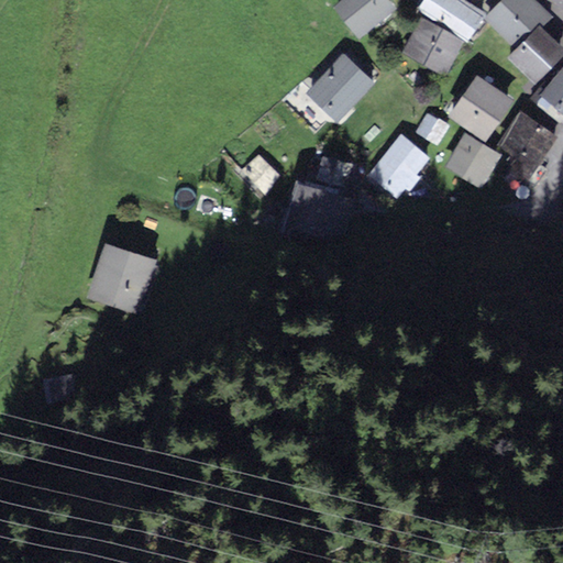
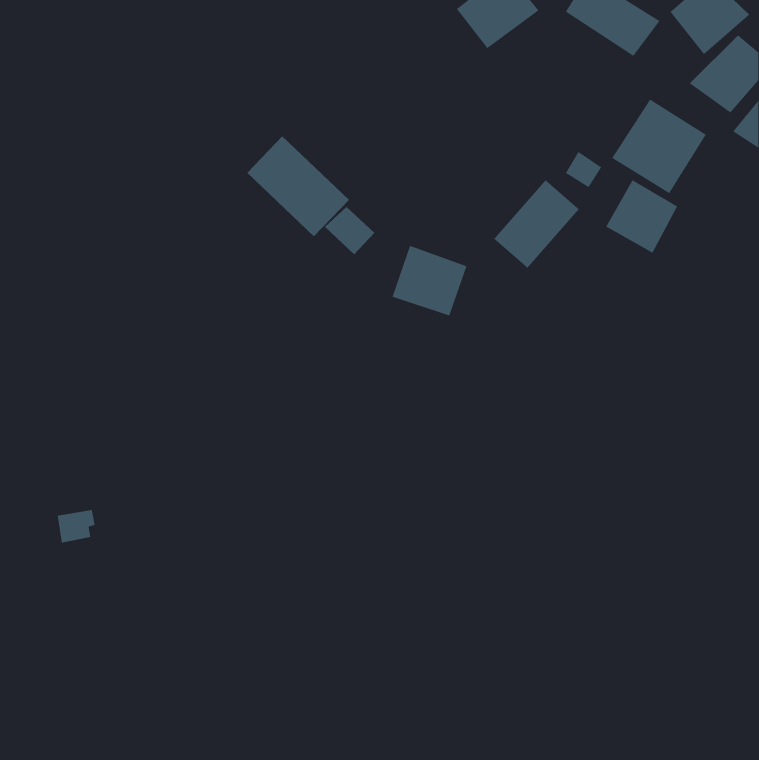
building: [404,21,464,76] -> none
building: [306,53,376,125] -> none
building: none -> [247,136,350,237]
building: [499,111,551,188] -> none
building: [87,247,154,316] -> none

